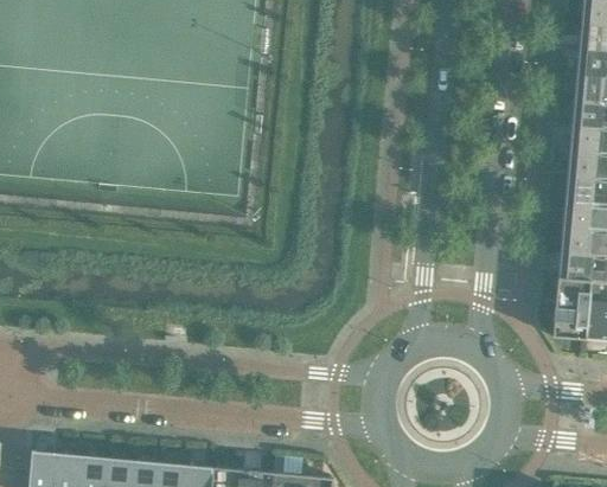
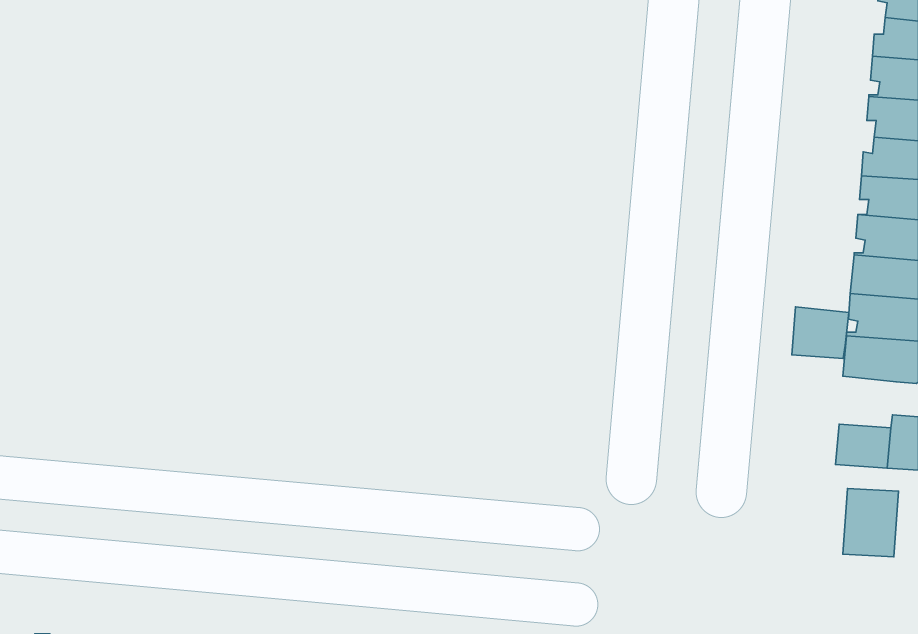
building: [555,282,592,315] -> [792,307,849,358]
building: none -> [843,488,898,557]

